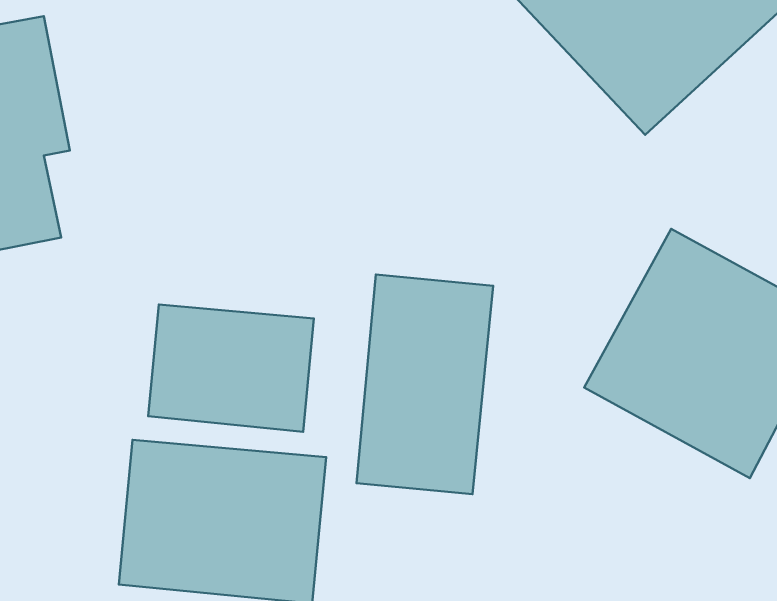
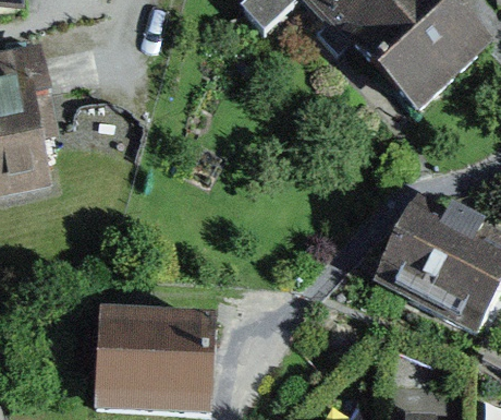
building: [357,275,493,494] -> none
building: [148,304,314,432] -> none

